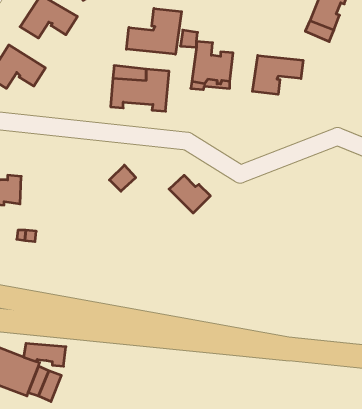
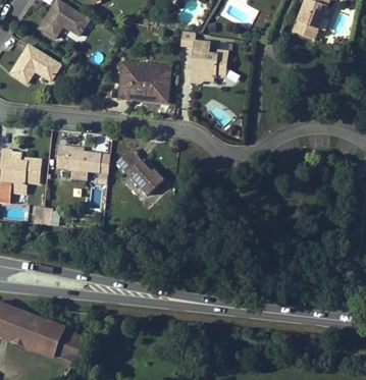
building: [126,8,182,54] -> none
building: [252,55,303,94] -> none
building: none -> [55,146,101,173]
building: [169,175,210,213] -> [127,161,164,195]

